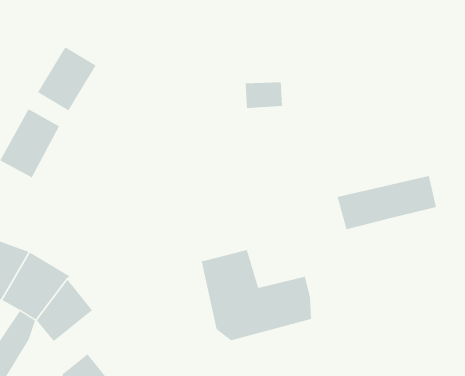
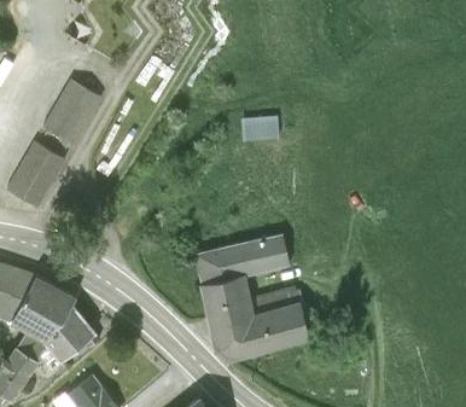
building: [337,175,437,230] -> [193,232,289,284]

